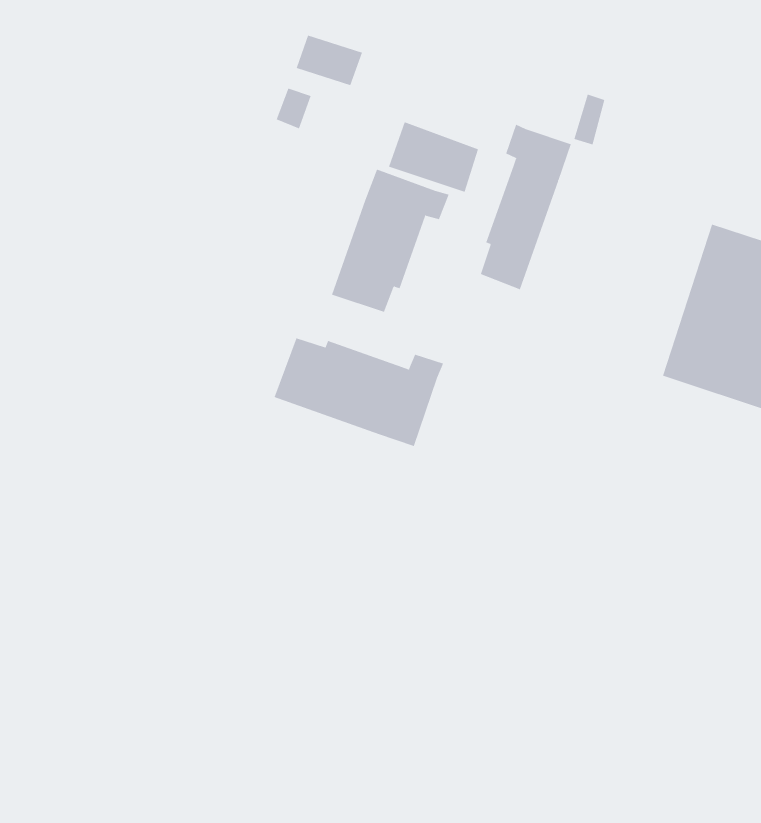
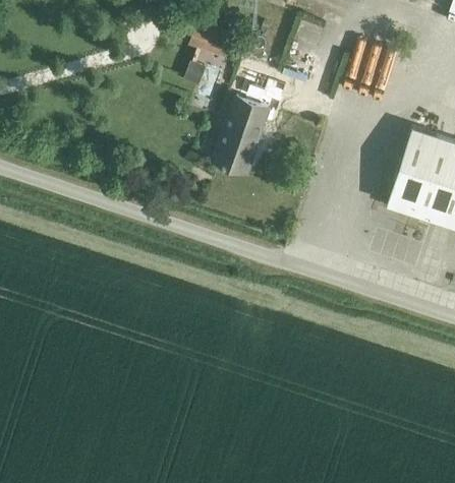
building: [480,124,571,290] -> none
building: [274,337,444,447] -> none

